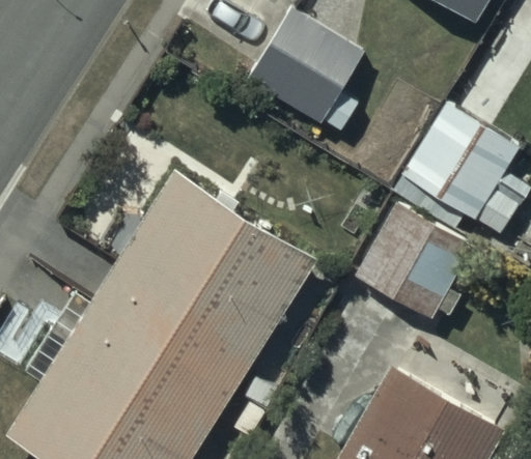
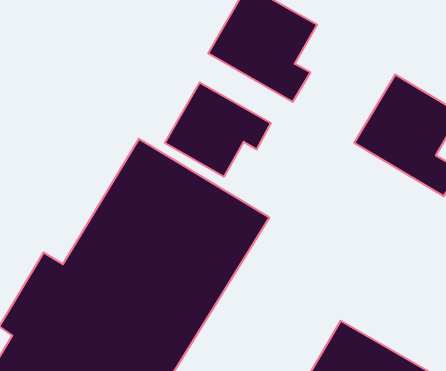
building: none -> [165,82,271,177]
building: [355,201,484,319] -> none

